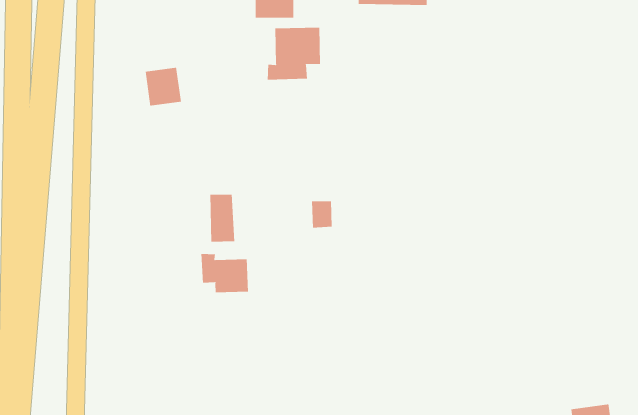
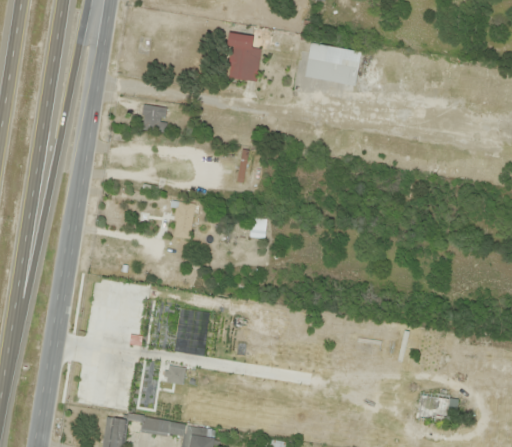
building: [267,27,320,81] -> none
building: [201,253,248,293] -> none

